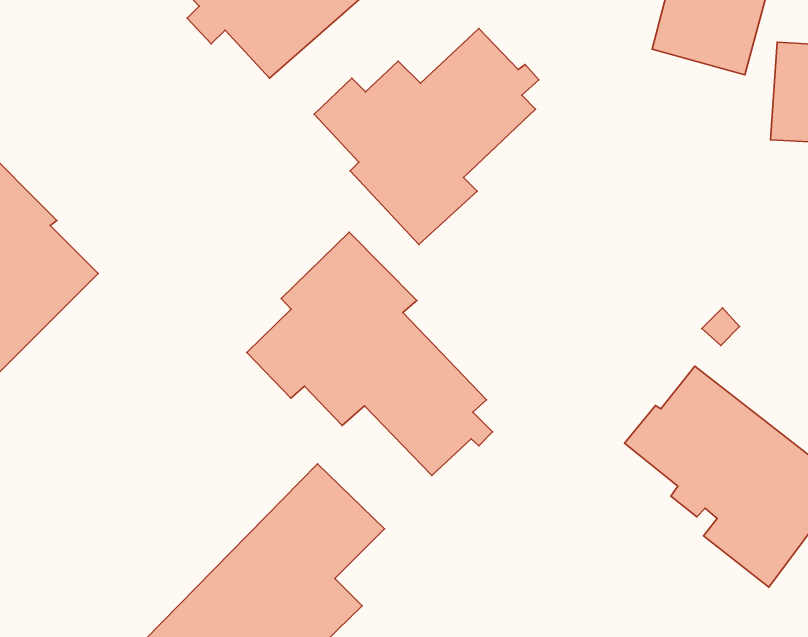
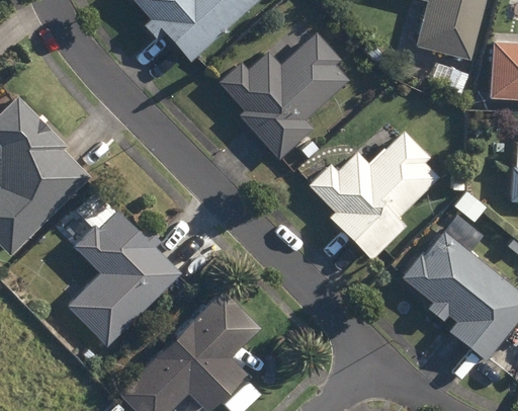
building: none -> [307,130,440,261]
building: [247,232,493,476] -> none
building: none -> [68,210,181,346]

